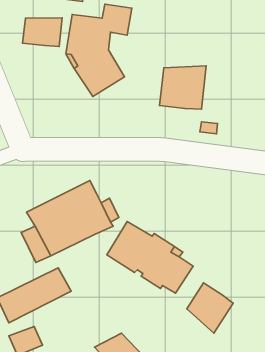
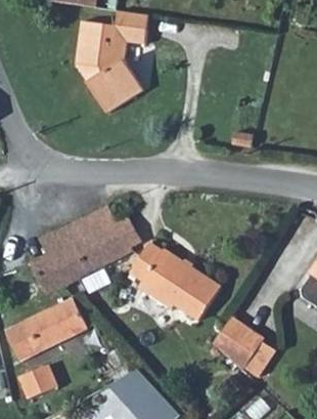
building: [22,18,62,46] -> none
building: [160,66,206,109] -> none

